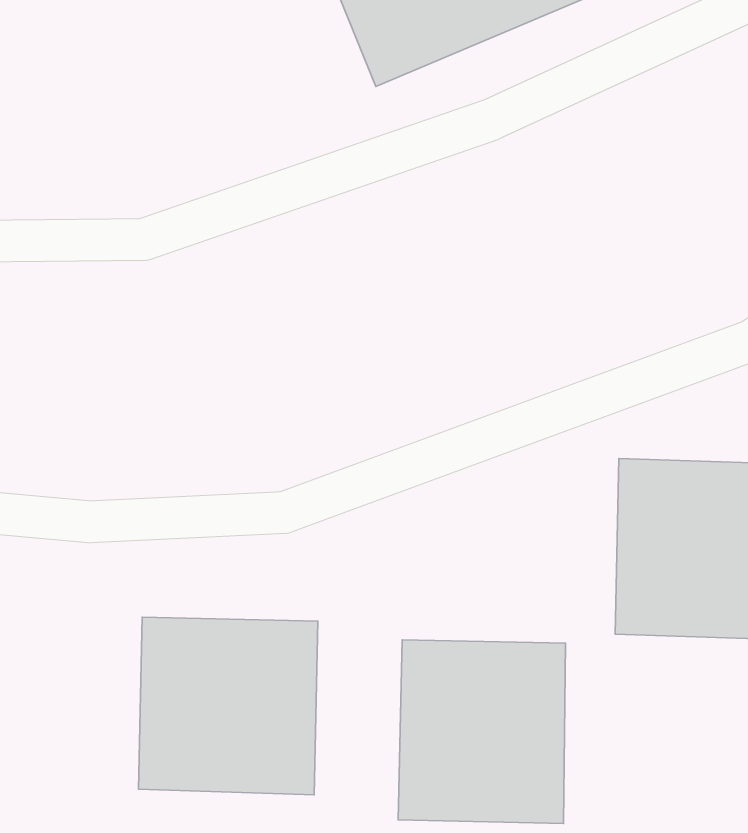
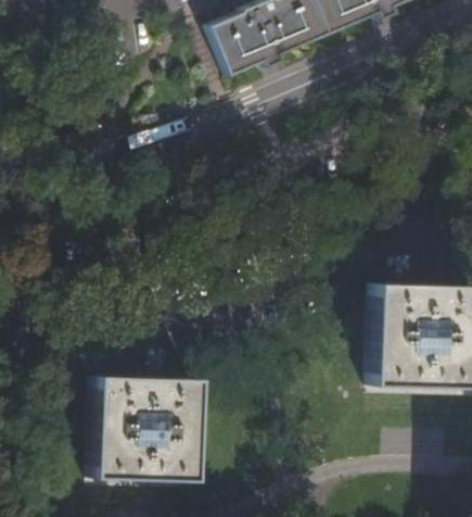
building: [398,640,566,823] -> none

